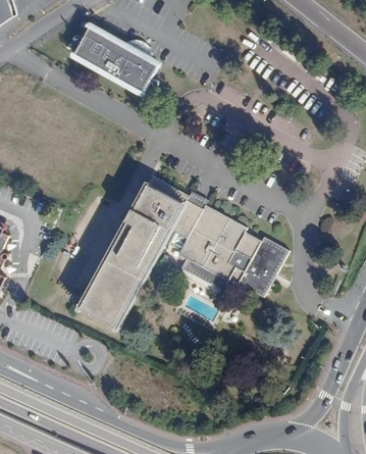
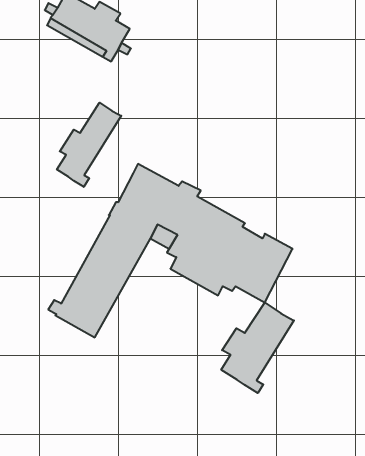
building: none -> [57,103,121,187]
building: none -> [221,302,294,393]

